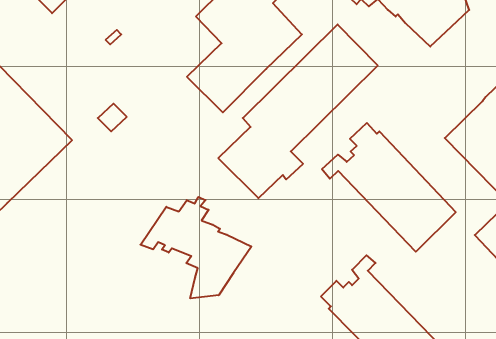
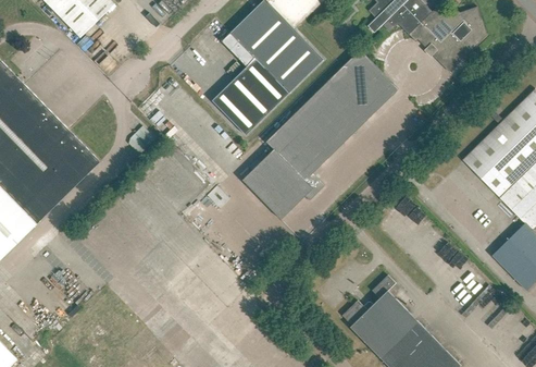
building: [322,123,456,252] -> none
building: [140,197,251,298] -> none

